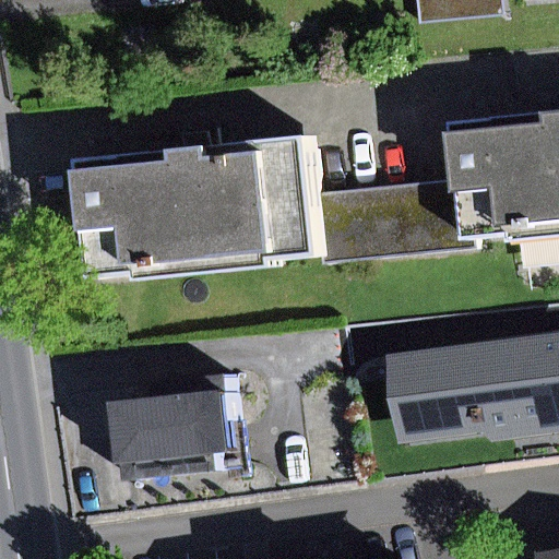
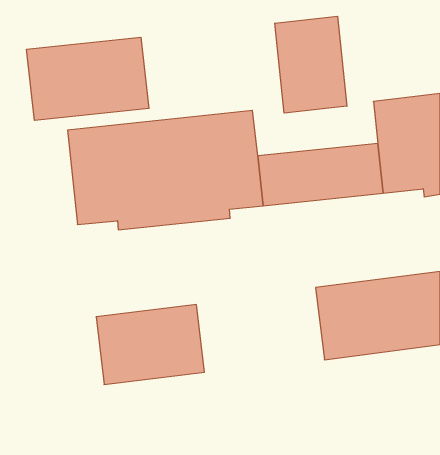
building: none -> [275,16,347,113]
building: none -> [27,37,149,120]

